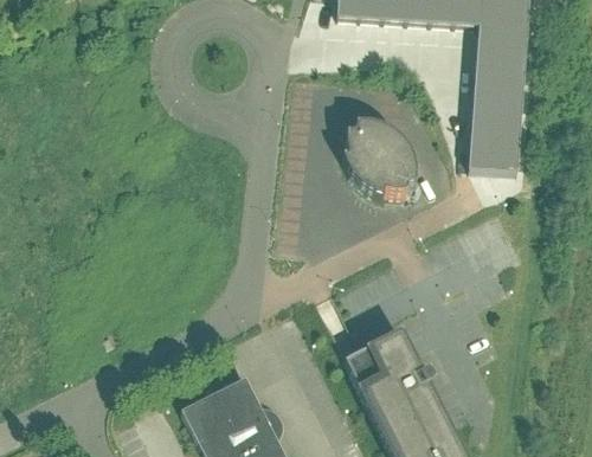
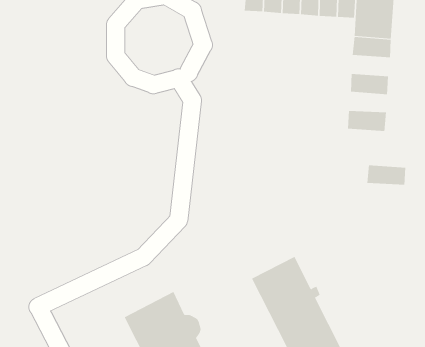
building: [474,73,525,101] -> none
building: [470,121,521,147] -> [366,165,406,185]
building: [343,123,417,197] -> none

